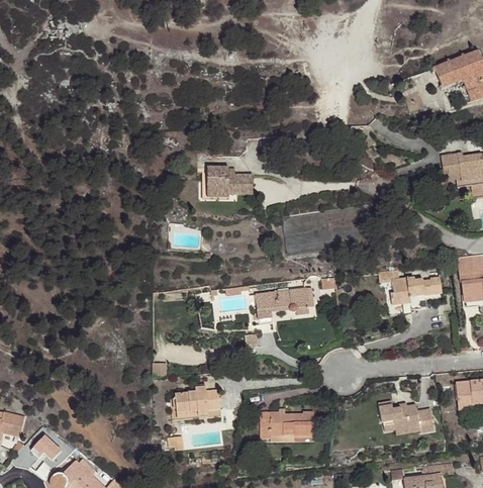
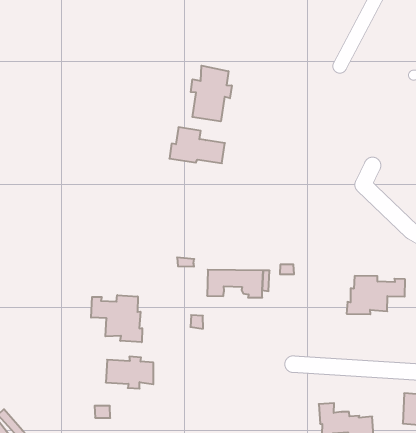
building: none -> [191,66,232,121]
building: none -> [91,295,142,342]
building: [259,411,312,438] -> none

